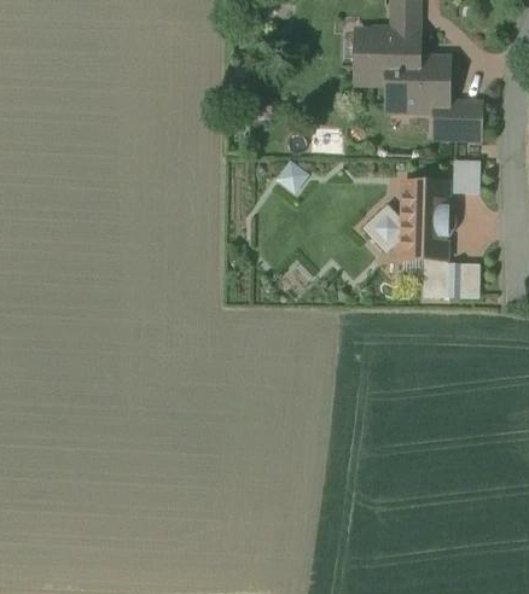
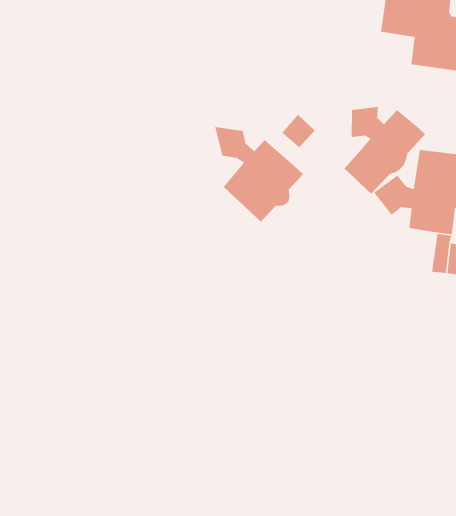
building: none -> [343,106,426,195]
building: none -> [214,126,304,222]

